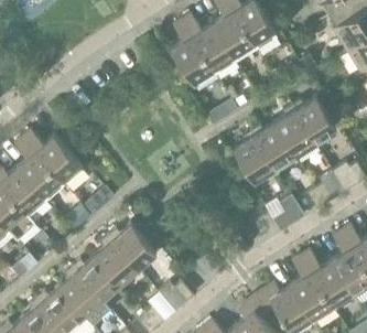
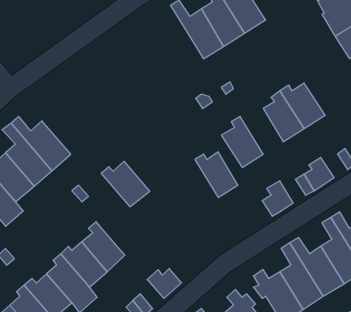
building: [171,21,215,87] -> none
building: [251,123,294,169] -> [195,152,238,197]
building: [108,224,156,269] -> [101,161,150,207]

